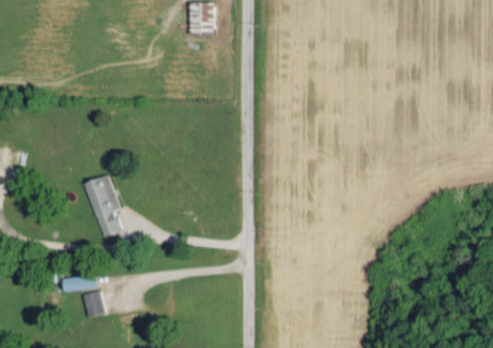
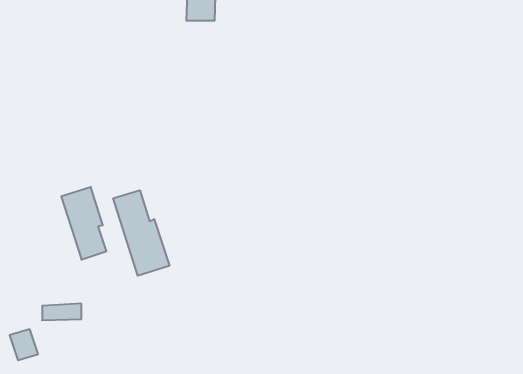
building: none -> [113,190,169,276]
building: [80,291,105,317] -> [10,329,38,360]

